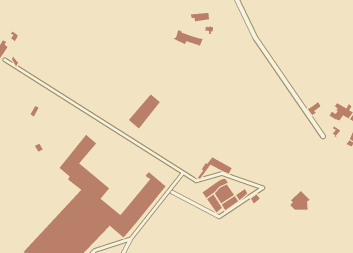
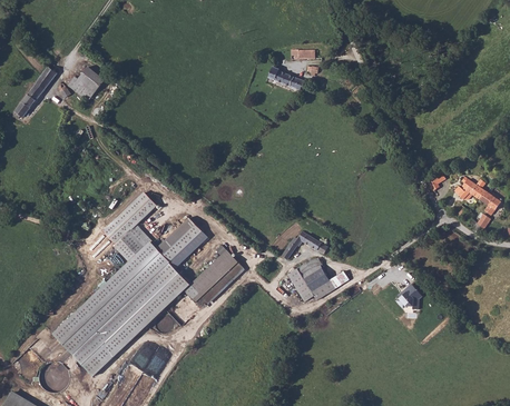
building: none -> [66,67,102,100]
building: [128,93,161,130] -> [157,217,200,261]

